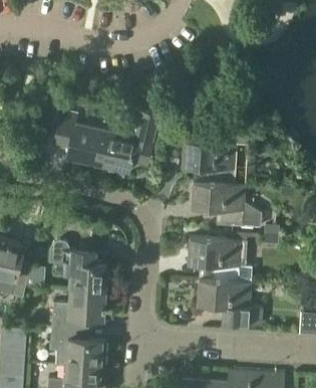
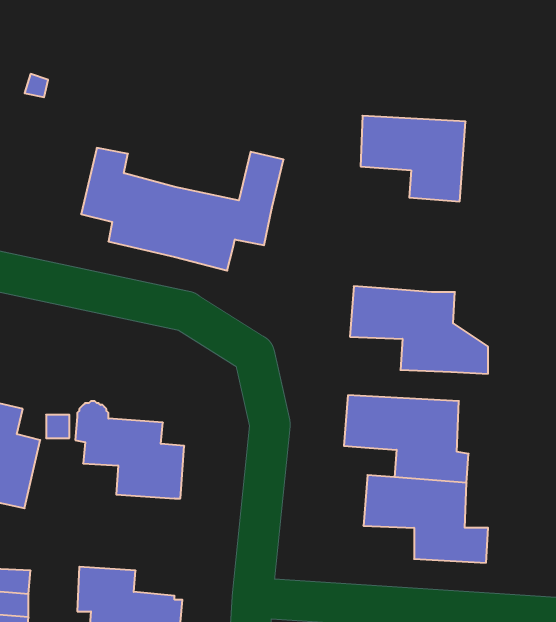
building: [182,142,236,186] -> [361,116,466,201]
building: [51,290,103,330] -> none

